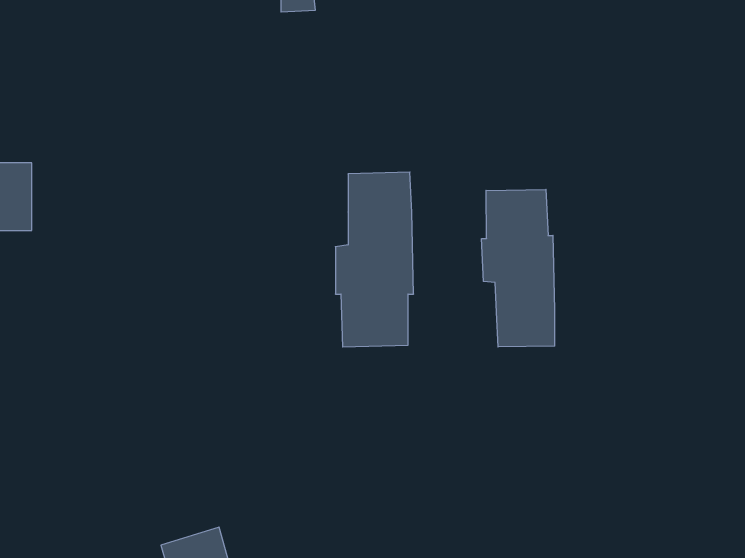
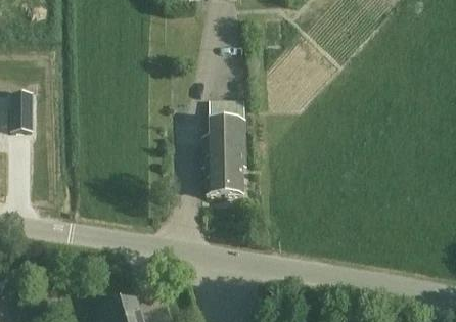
building: [482,189,555,347] -> none

